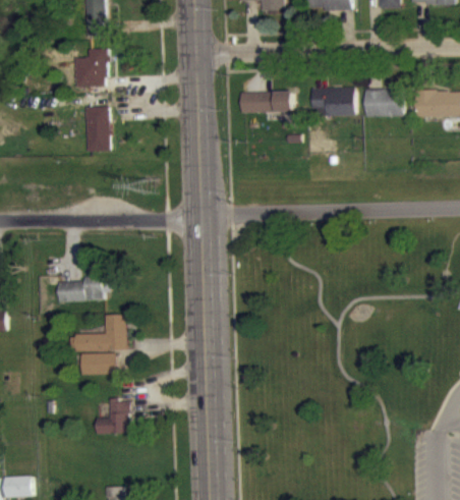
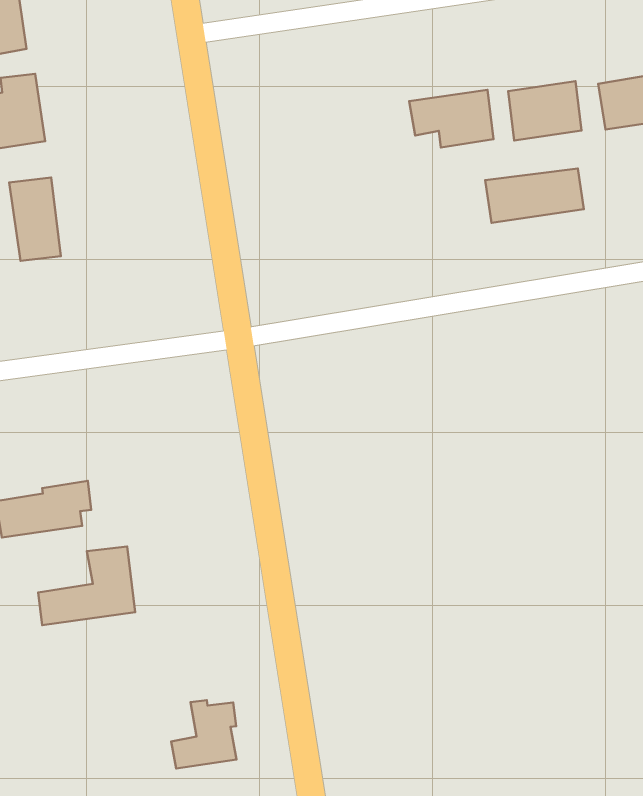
building: [240,91,293,113] -> none
building: none -> [485,168,584,223]
building: [80,352,115,375] -> none
building: [96,398,132,434] -> [171,700,236,769]

